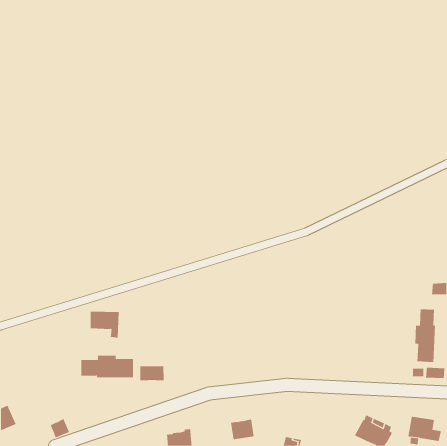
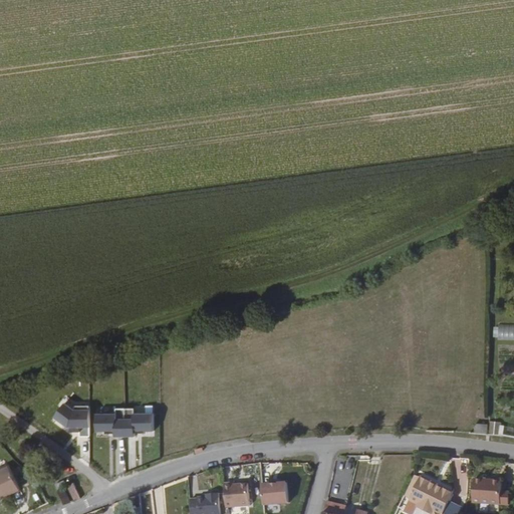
building: [415,308,435,363] -> none
building: [90,311,119,338] -> [55,405,89,436]
building: [140,366,164,381] -> none
building: none -> [224,482,251,506]

